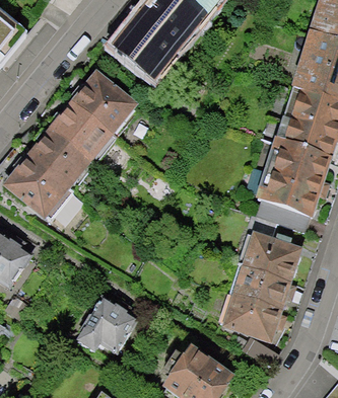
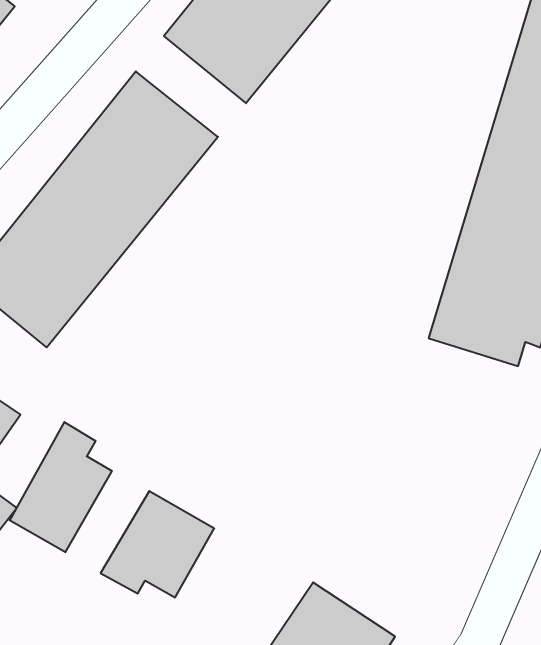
building: [217,213,305,341] -> none
building: none -> [10,422,112,552]

